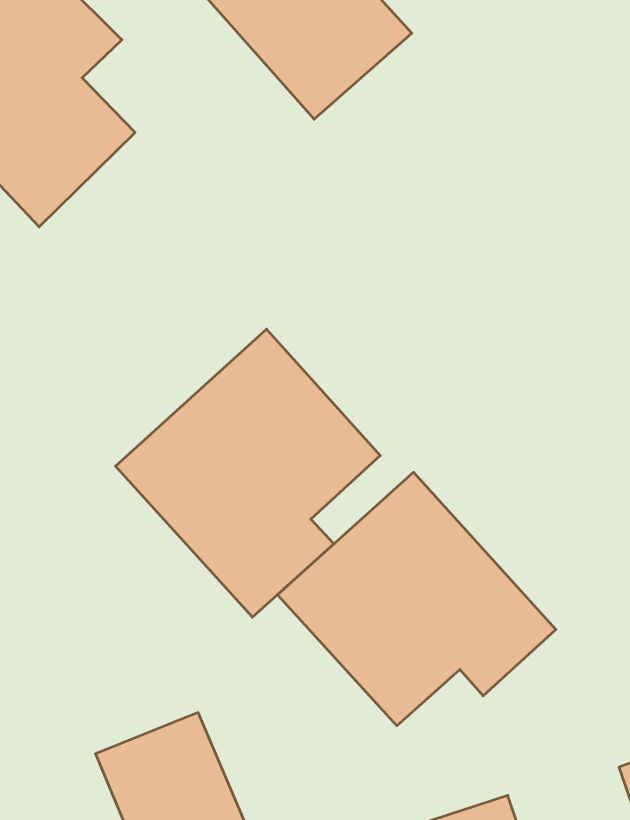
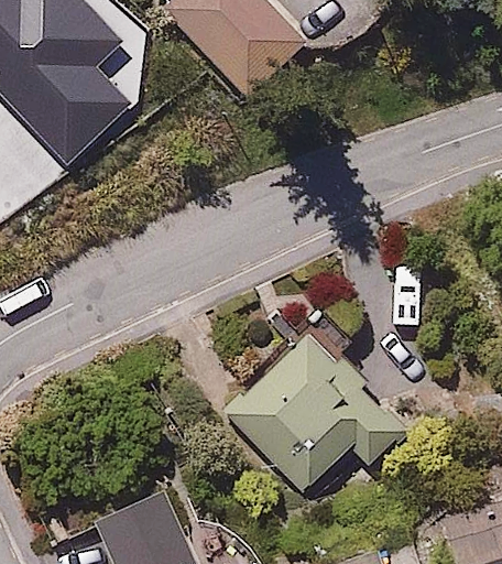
building: [116,329,380,617] -> none

